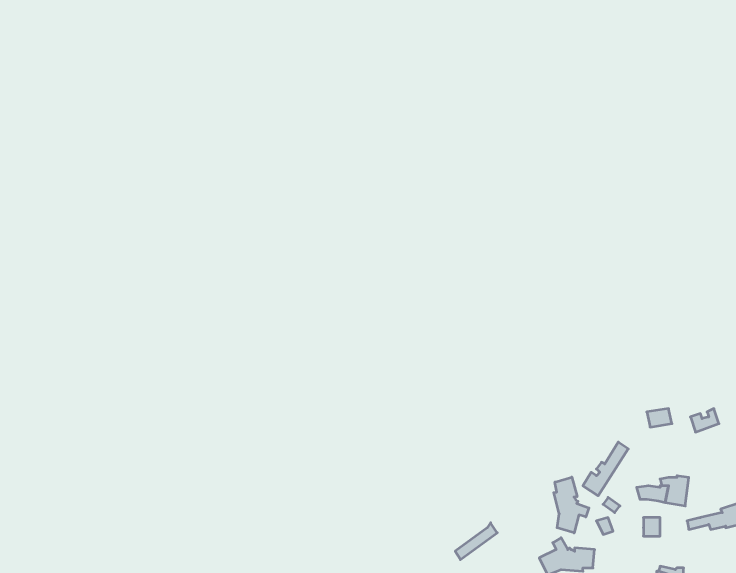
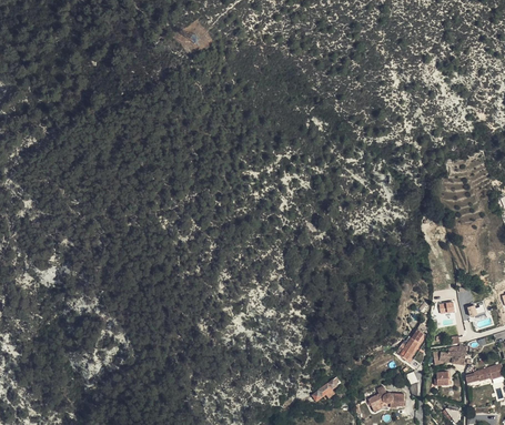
building: [554,477,589,533] -> none

